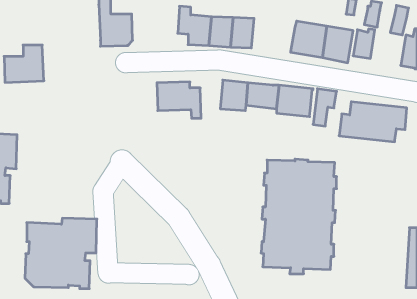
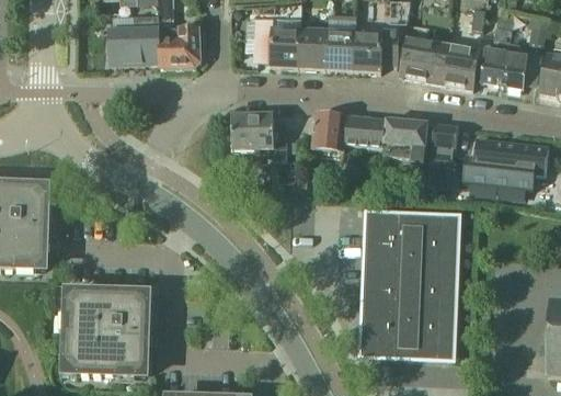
building: none -> [351,30,396,71]
building: none -> [501,47,528,87]
building: [4,45,44,82] -> [110,15,160,63]

